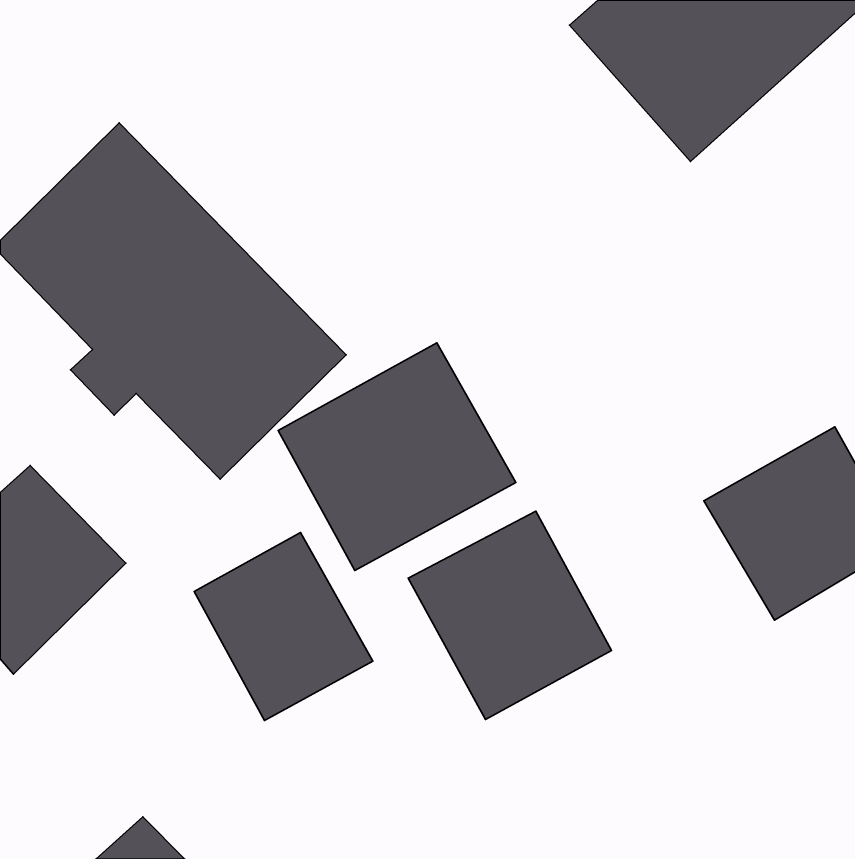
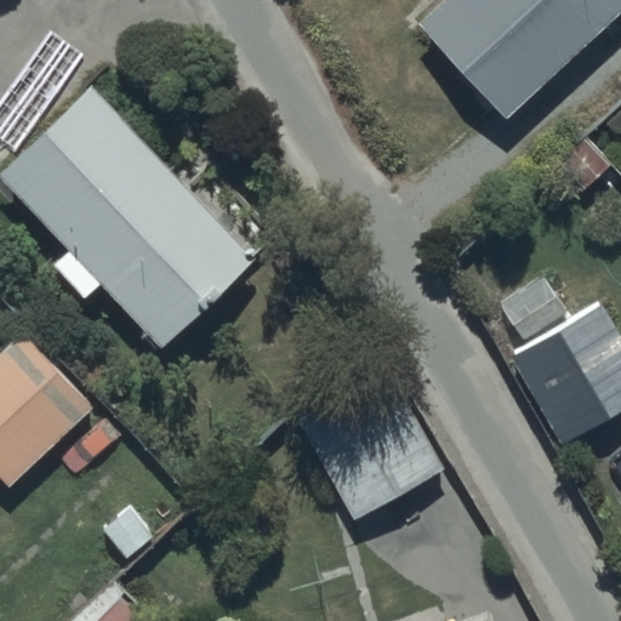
building: [278,343,516,570] -> none
building: [194,533,373,720] -> none

